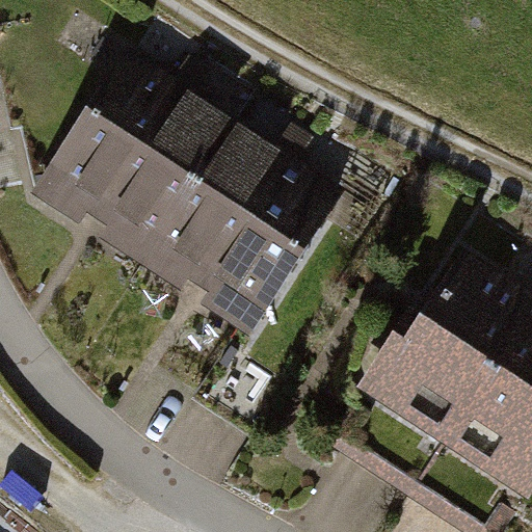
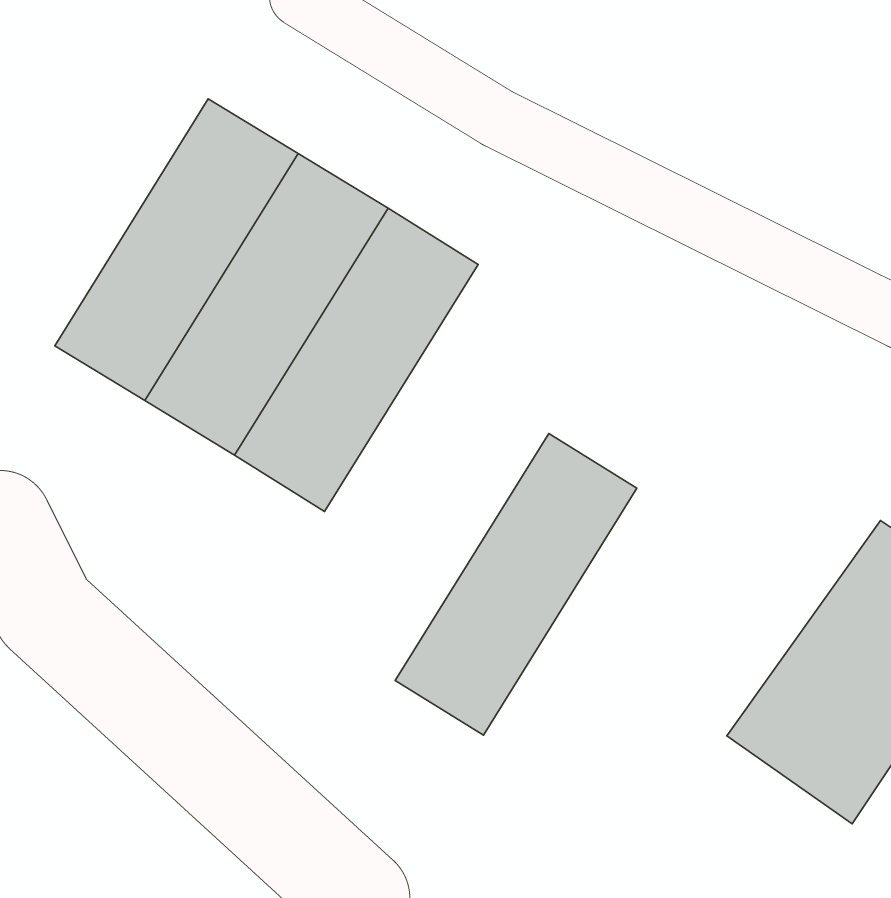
building: [197,156,340,334] -> [395,434,637,735]
building: [362,255,525,433] -> none

